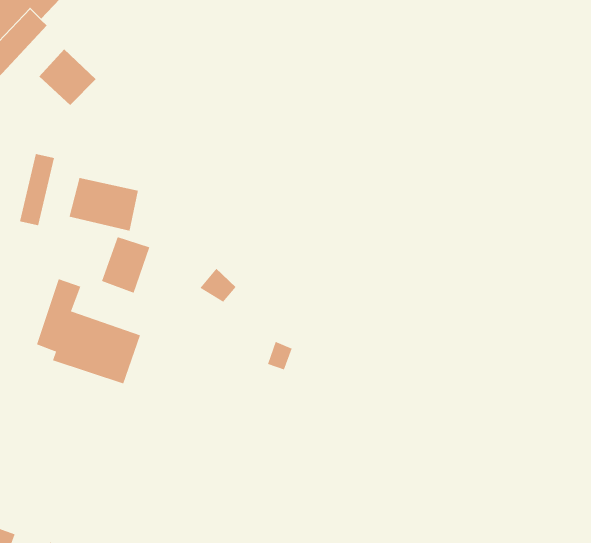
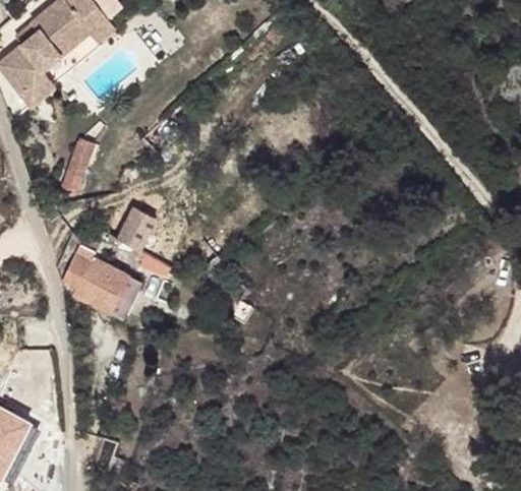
building: [38,49,96,106] -> none
building: [69,177,139,231] -> none

